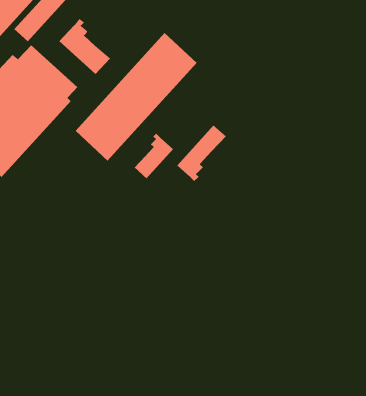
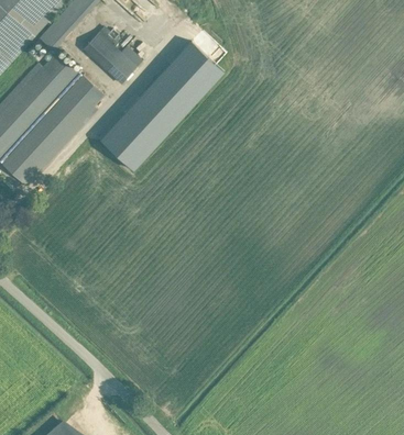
building: [176,125,227,182] -> none
building: [134,133,174,179] -> none

